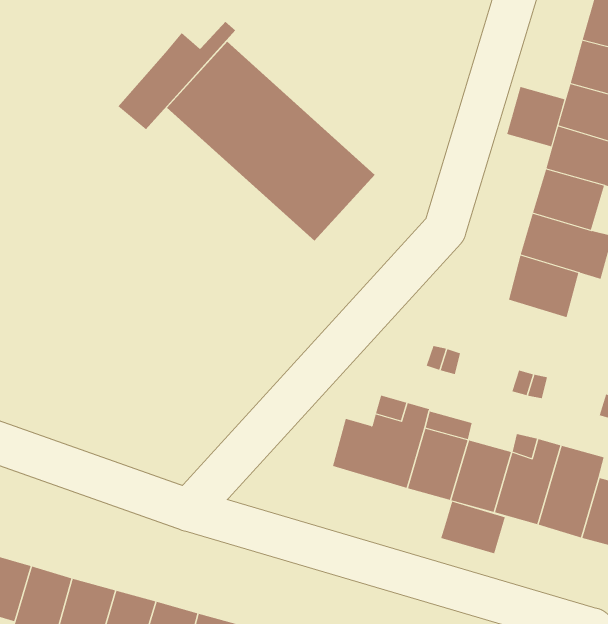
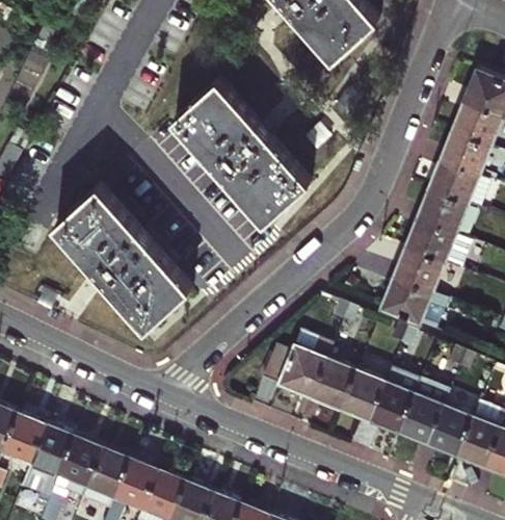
building: [118,21,236,130] -> none
building: [506,86,565,147] -> none
building: none -> [53,185,192,330]
building: none -> [379,277,432,326]
building: [441,501,506,554] -> none

